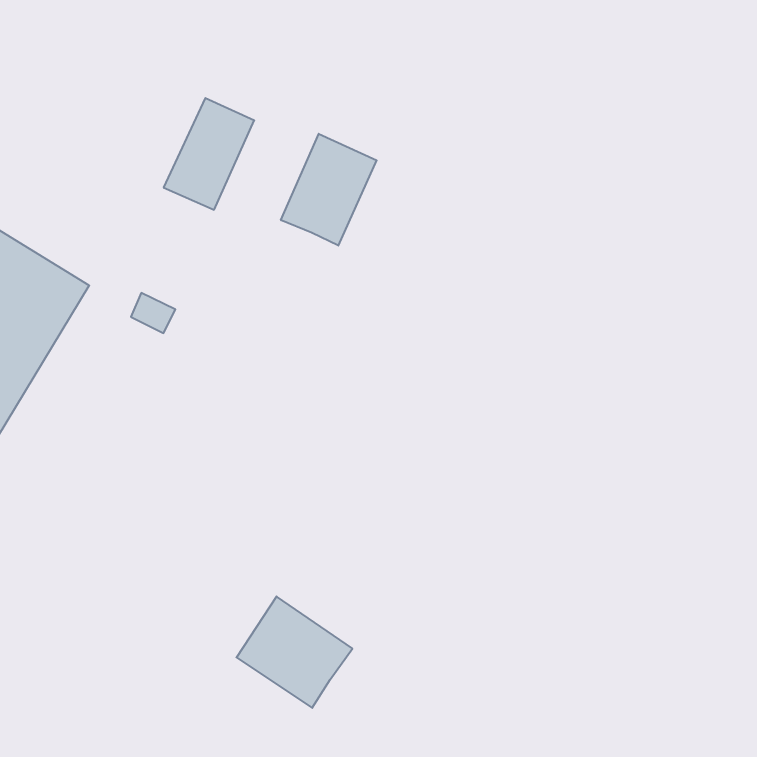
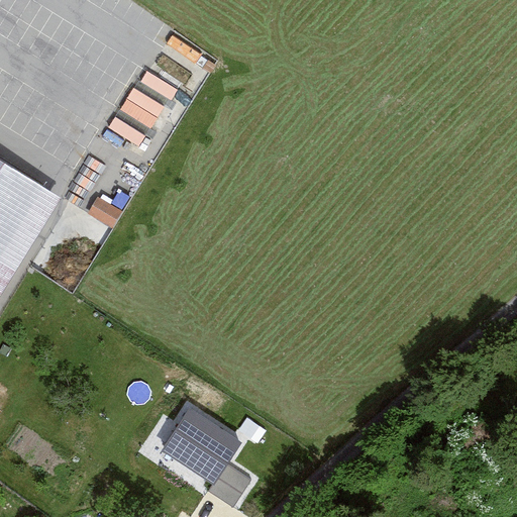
building: [281,134,377,246] -> none
building: none -> [207,463,249,507]

